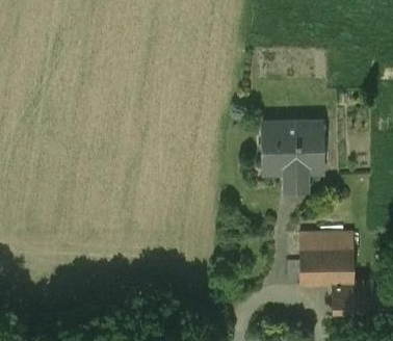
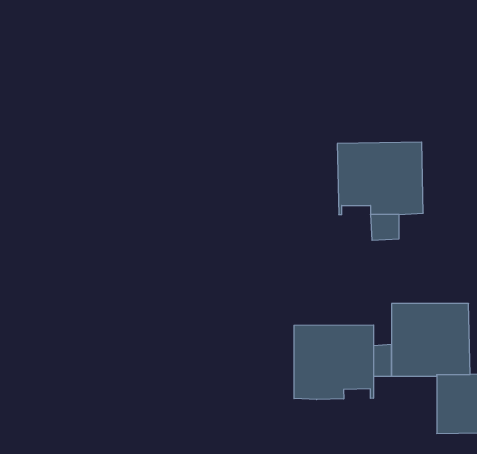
building: none -> [294,325,373,400]

